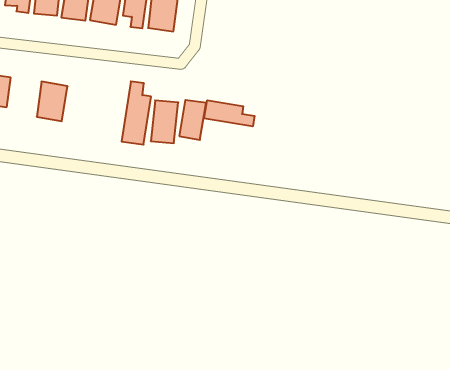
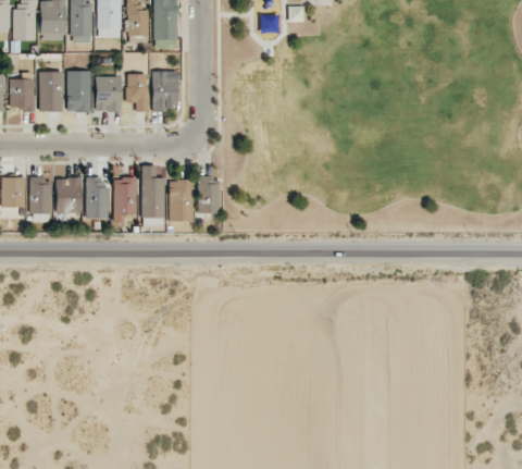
building: none -> [29,178,51,213]
building: none -> [85,176,108,219]
building: none -> [113,177,137,222]
building: [204,100,255,126] -> none

